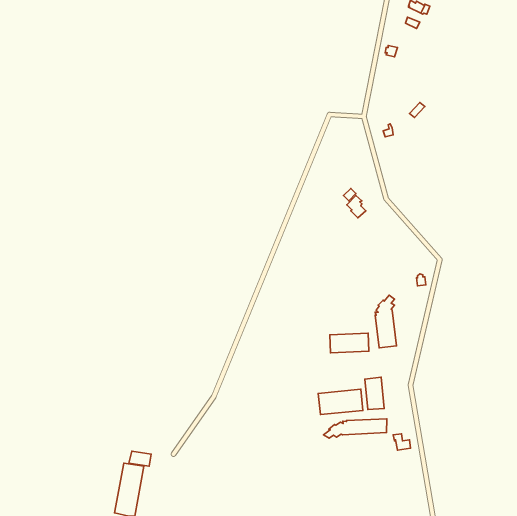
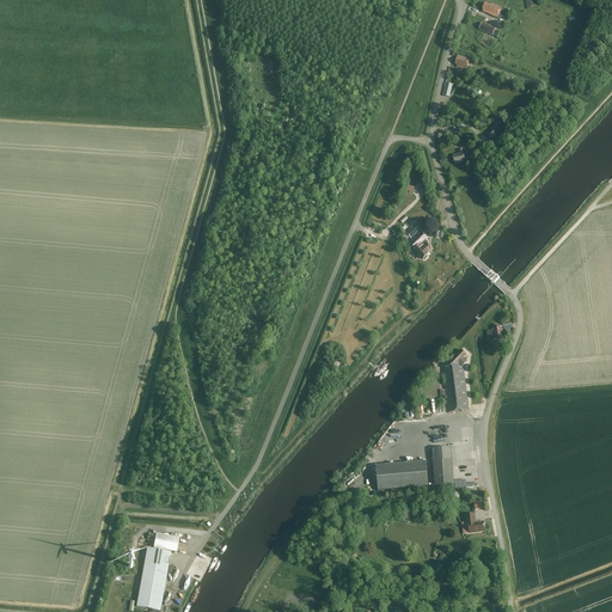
building: [330,333,369,353] -> none
building: [323,419,387,438] -> none

